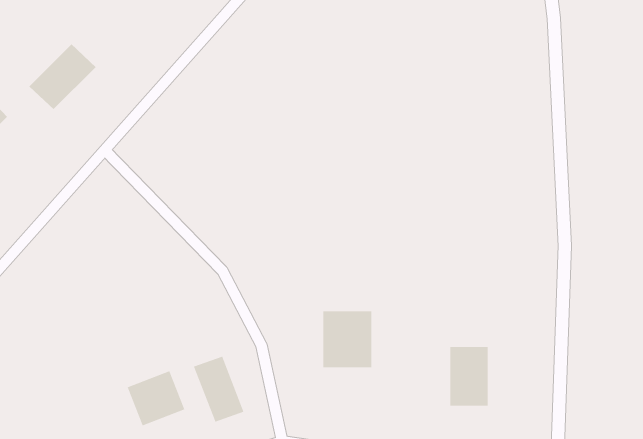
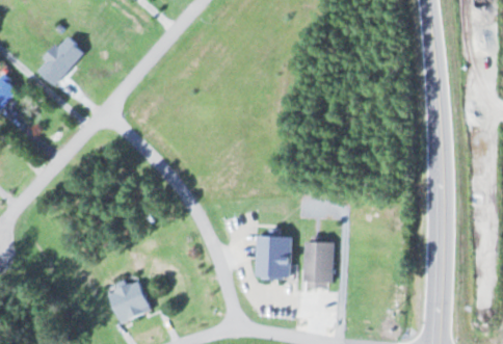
building: [450,347,488,406] -> [302,242,332,287]
building: [193,356,244,422] -> none

